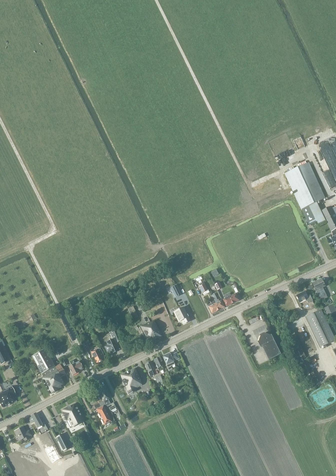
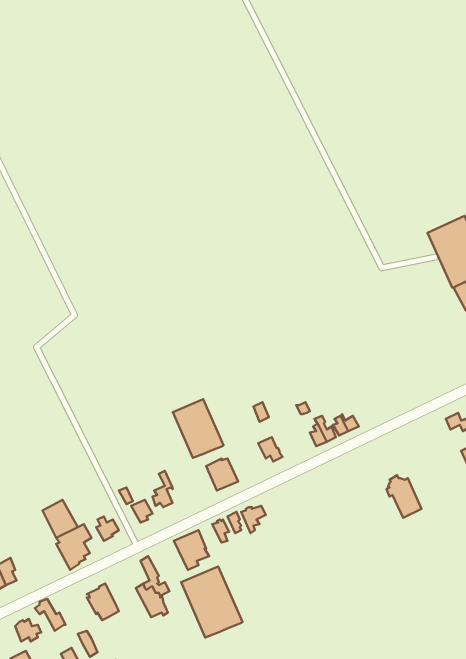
building: none -> [173,399,223,458]
building: none -> [181,566,243,638]

